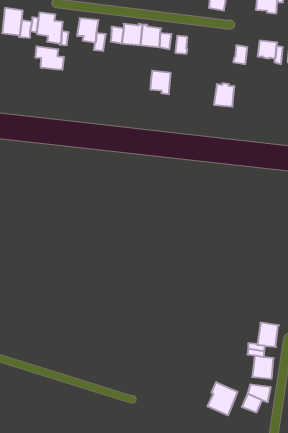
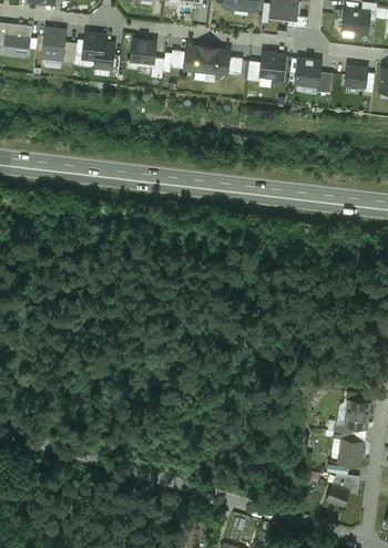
building: [36,46,64,70] -> none
building: [150,71,171,94] -> [259,54,284,82]
building: [214,83,234,107] -> [295,59,319,86]
building: [208,382,238,415] -> none

